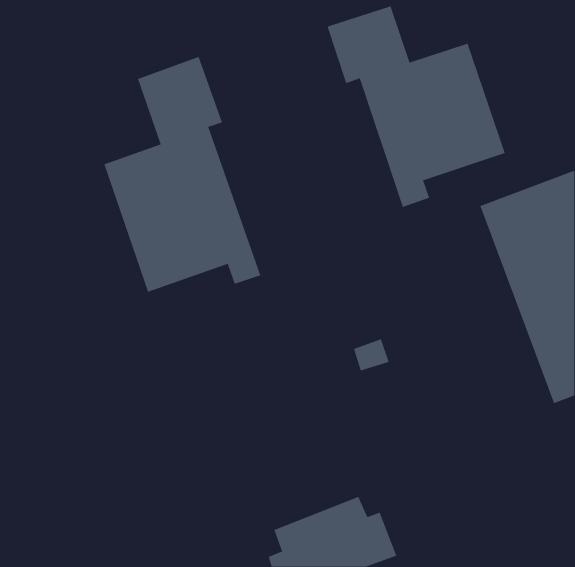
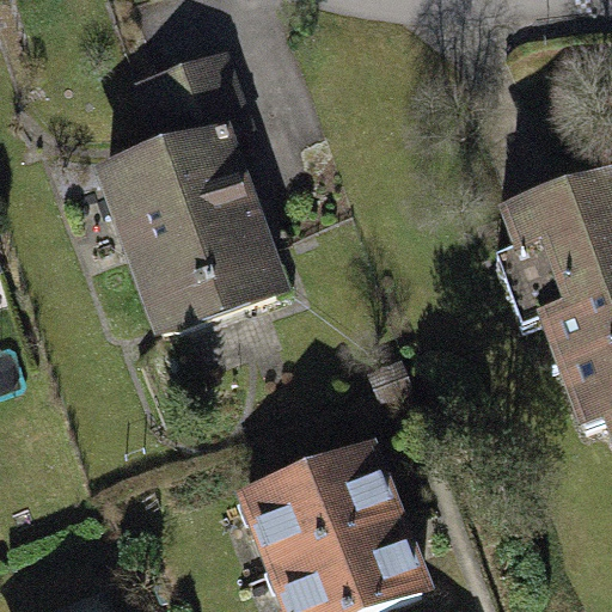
building: [327,5,506,208] -> none
building: none -> [258,457,396,568]

